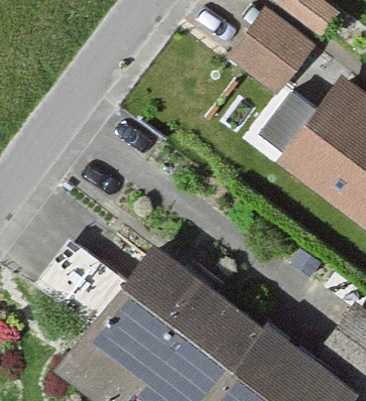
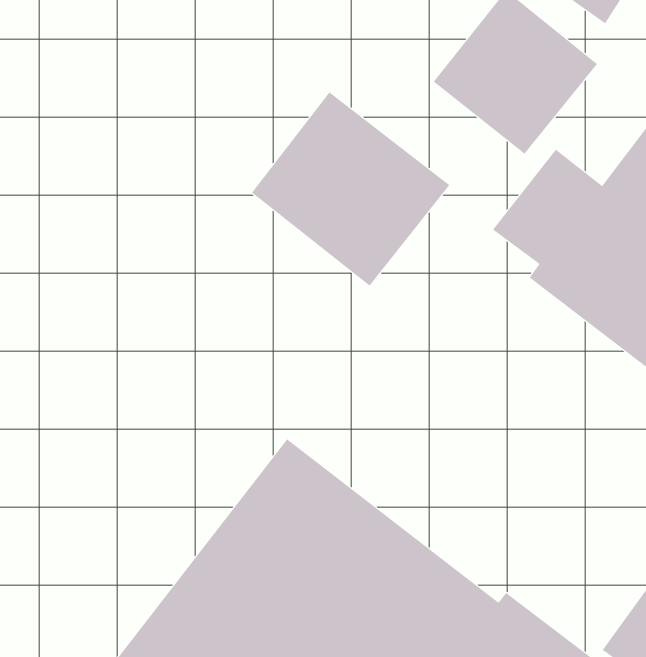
building: none -> [251,92,450,287]

